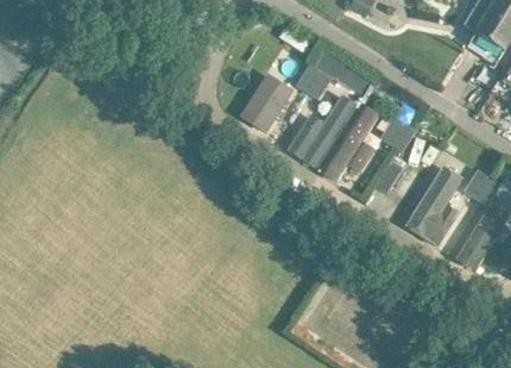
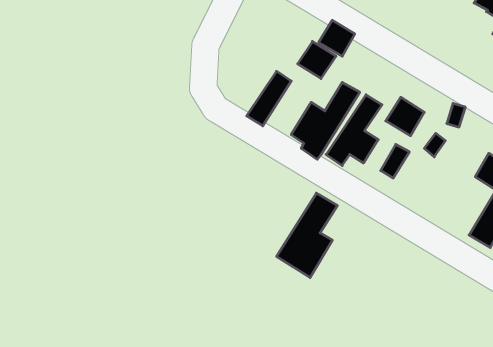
building: [404,169,462,250] -> [277,193,337,278]

